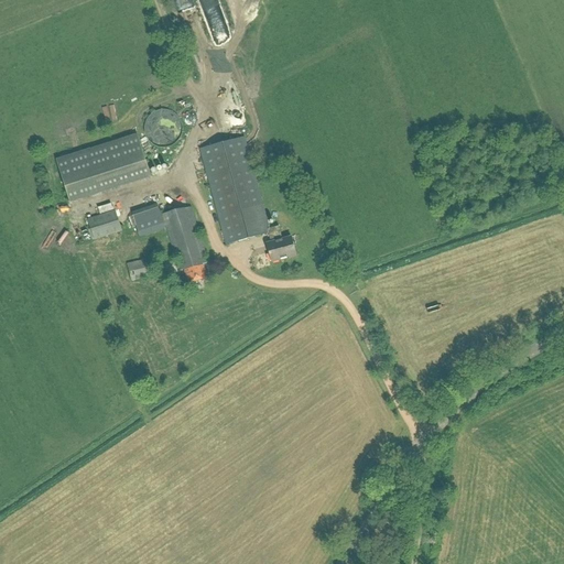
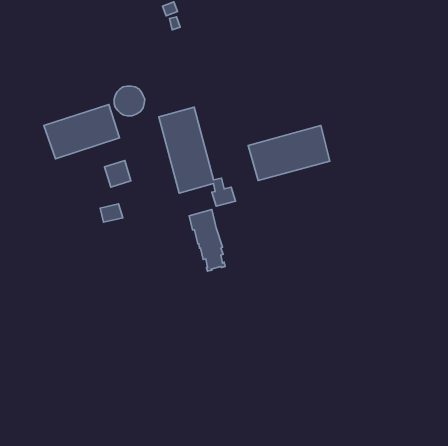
building: none -> [248,125,330,181]
building: [163,205,208,282] -> [189,210,225,271]
building: [86,208,121,238] -> none

